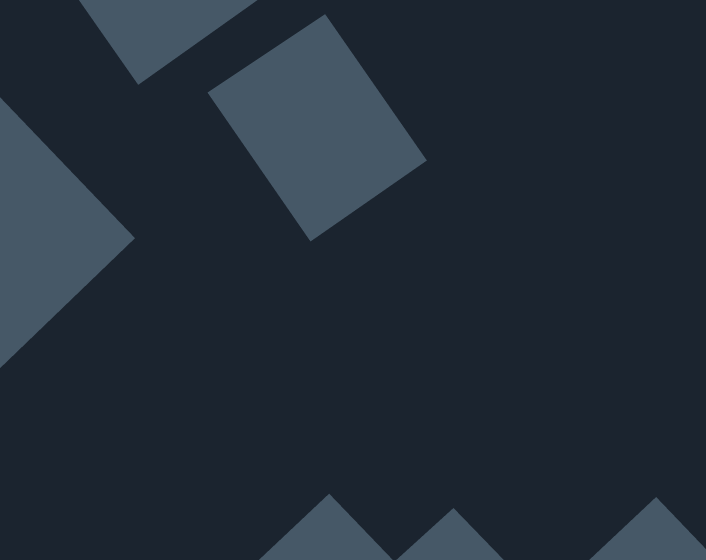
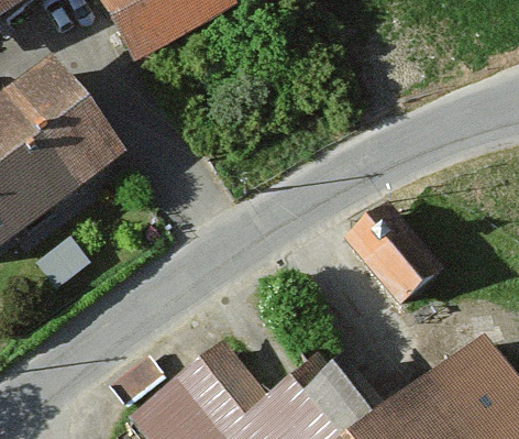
building: [207,13,428,242] -> none
building: none -> [350,198,445,300]

